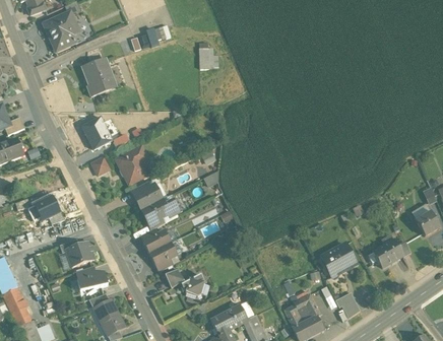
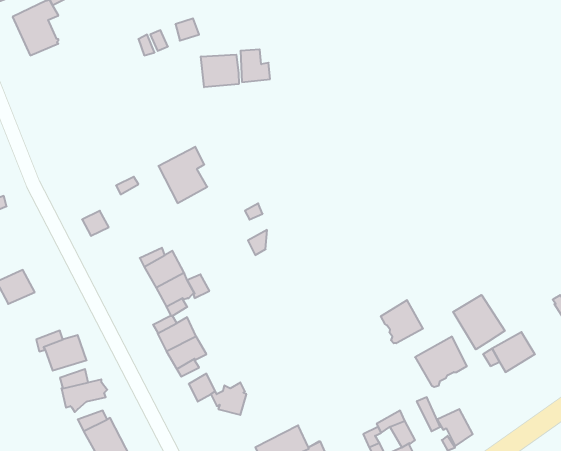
building: none -> [201,55,239,87]
building: [82,58,117,96] -> none
building: [82,116,112,148] -> none
building: [116,145,149,184] -> [158,147,207,203]
building: none -> [453,295,505,349]
building: none -> [381,300,423,343]

